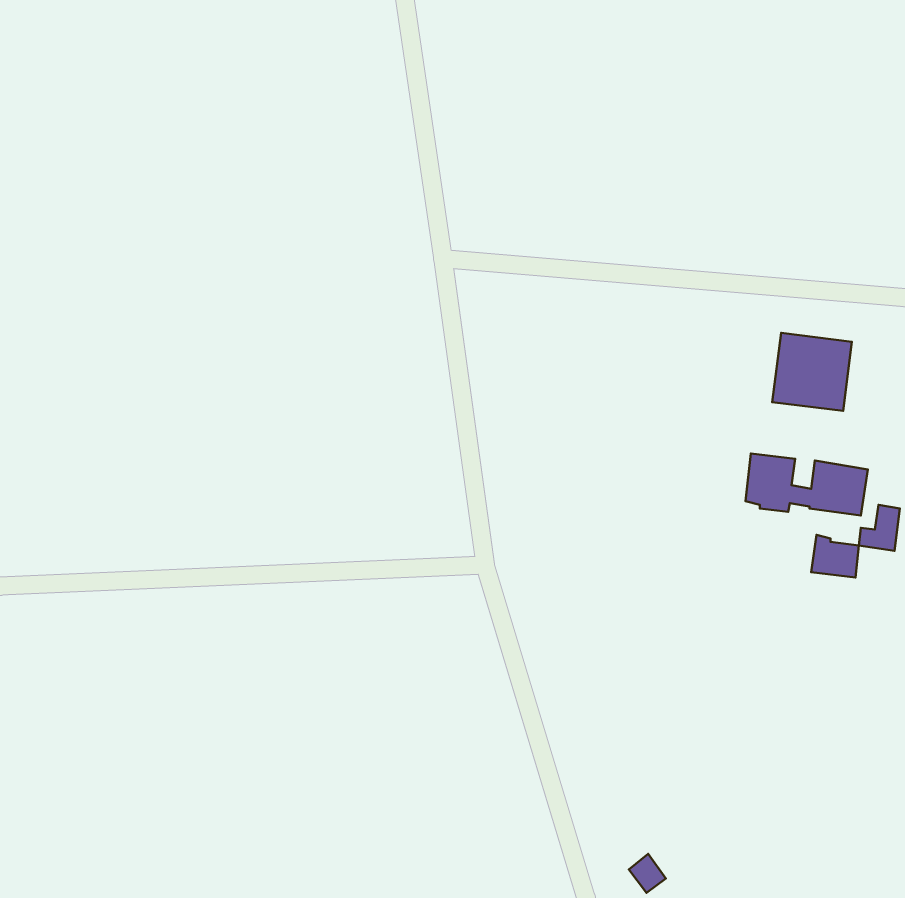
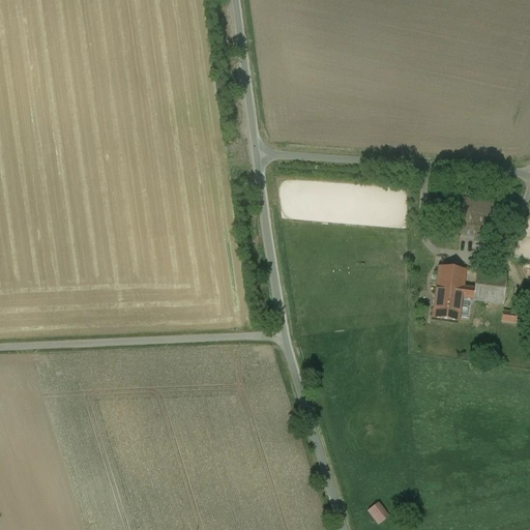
building: [811,535,859,577] -> [433,293,461,318]

